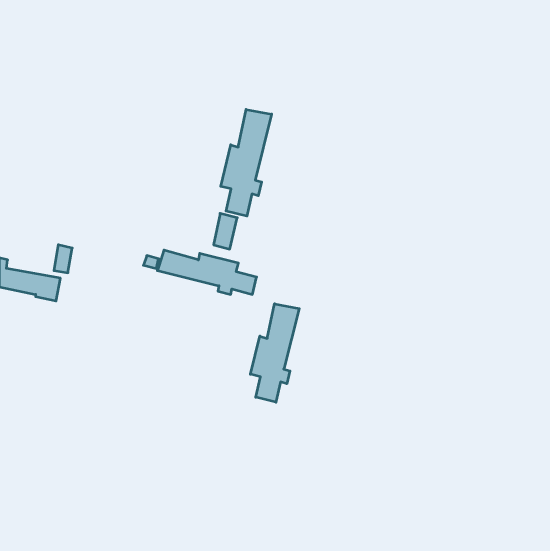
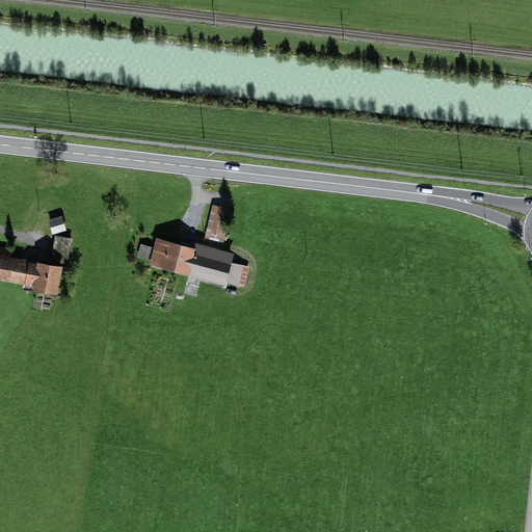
building: [221,109,272,216] -> none
building: [250,304,299,402] -> none

